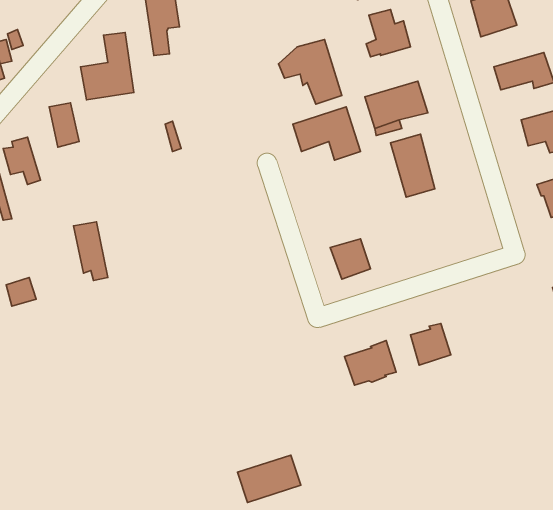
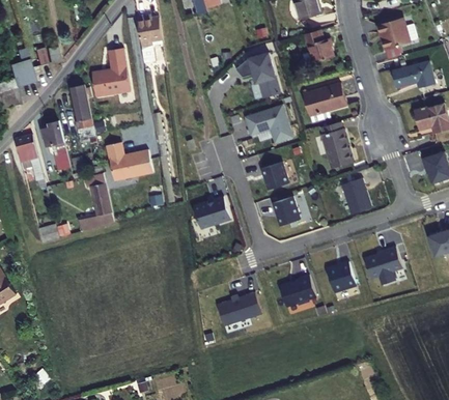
building: none -> [105,144,150,182]
building: none -> [261,162,289,191]
building: none -> [342,178,372,215]
building: none -> [195,195,232,227]
building: none -> [368,242,406,281]
building: [238,455,301,502] -> [216,291,261,325]

